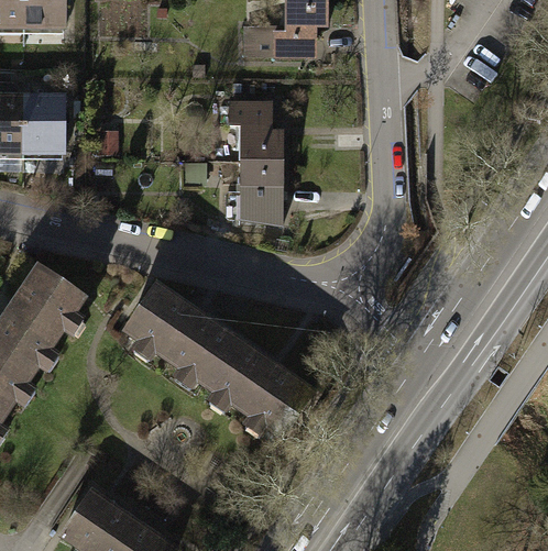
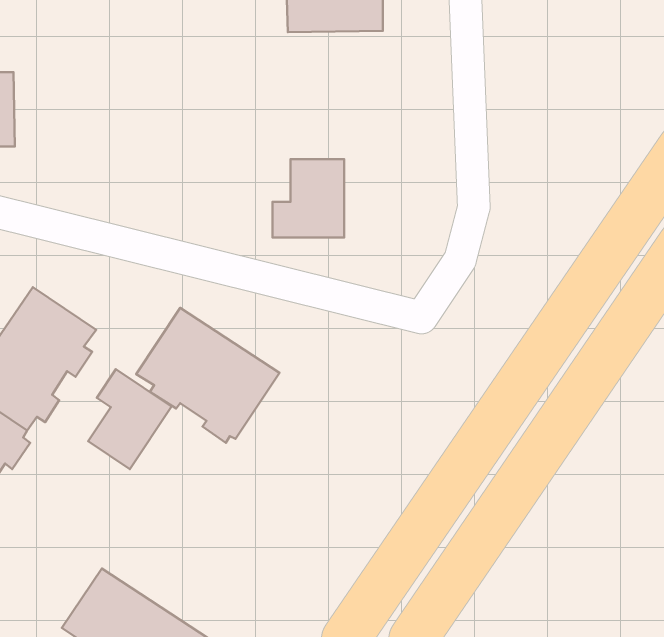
building: [20,92,62,153] -> none
building: [230,102,284,163] -> none
building: none -> [88,369,172,469]
building: [197,333,310,439] -> none

